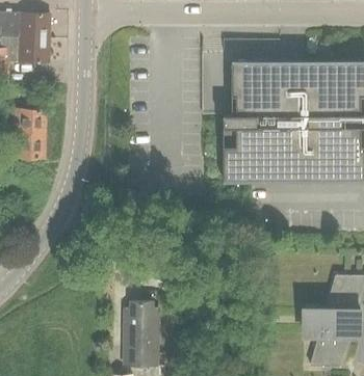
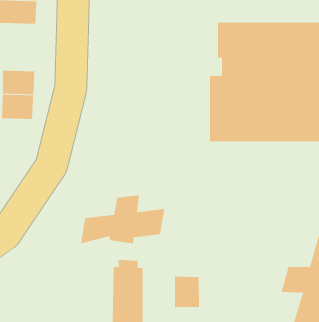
building: none -> [80,194,165,244]
building: none -> [175,276,199,308]

